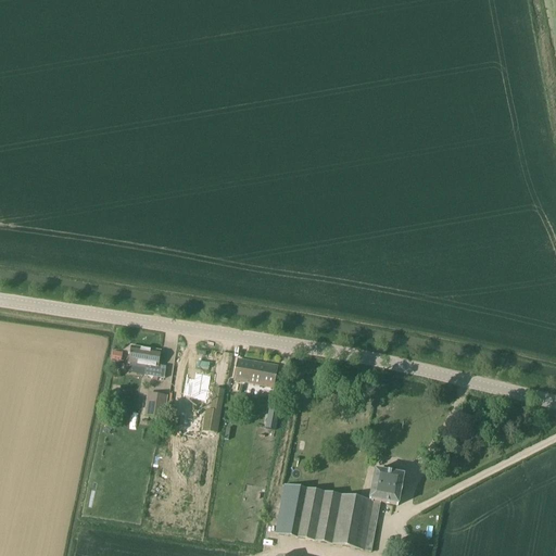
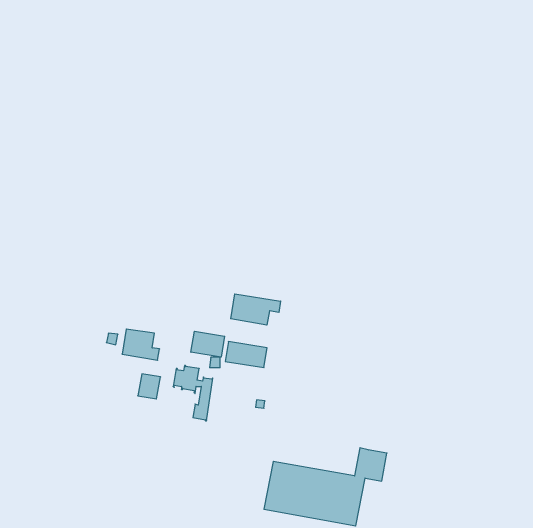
building: none -> [231,294,281,325]
building: none -> [191,331,225,357]

